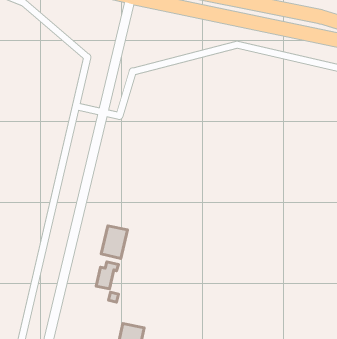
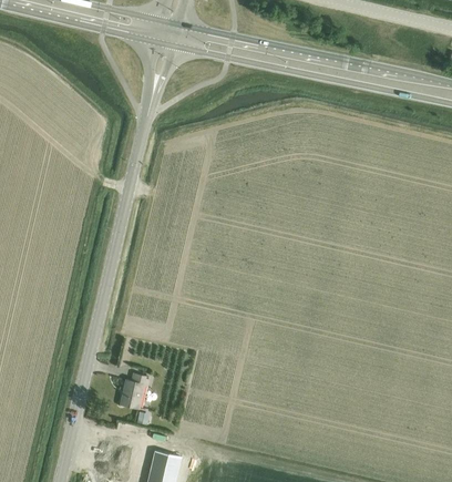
building: [101,226,128,259] -> none

